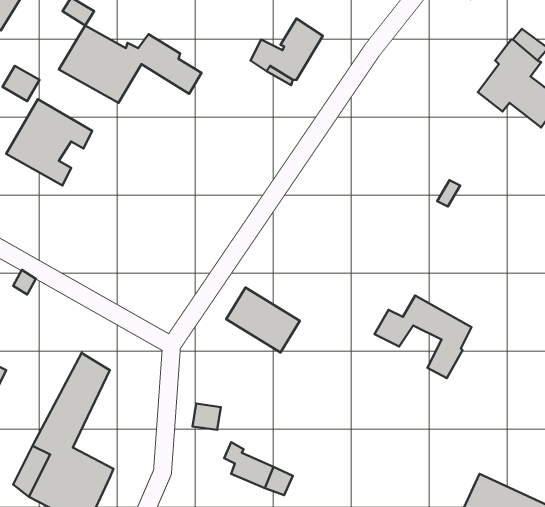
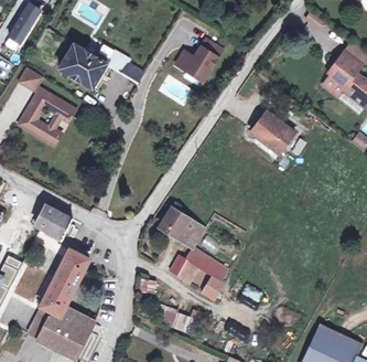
building: none -> [247,111,291,155]
building: none -> [35,203,73,239]
building: [375,296,471,378] -> [171,247,231,299]

